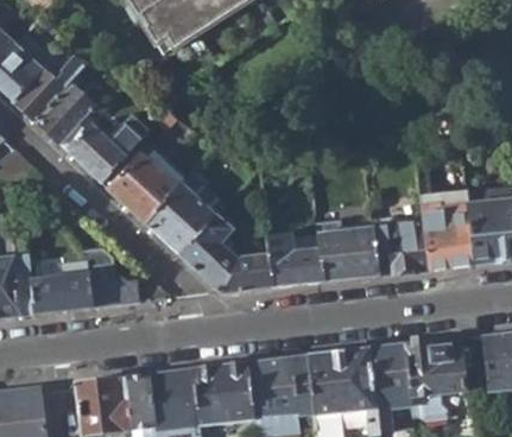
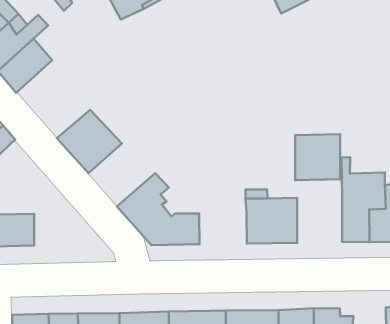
building: [64,112,147,180] -> none
building: [144,171,225,254] -> none
building: [373,220,426,274] -> [295,134,340,180]
building: [266,232,323,286] -> none
building: [88,264,139,305] -> none

